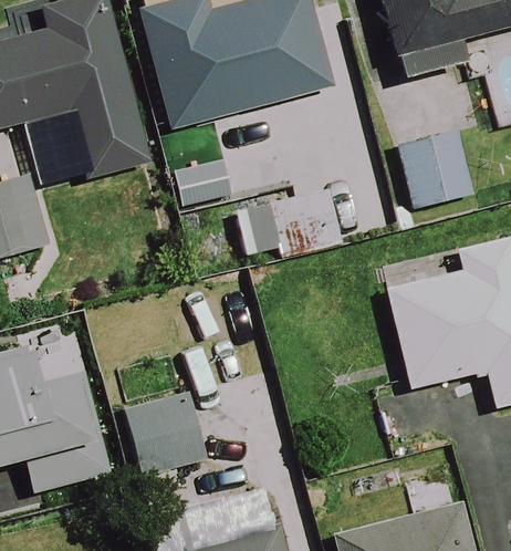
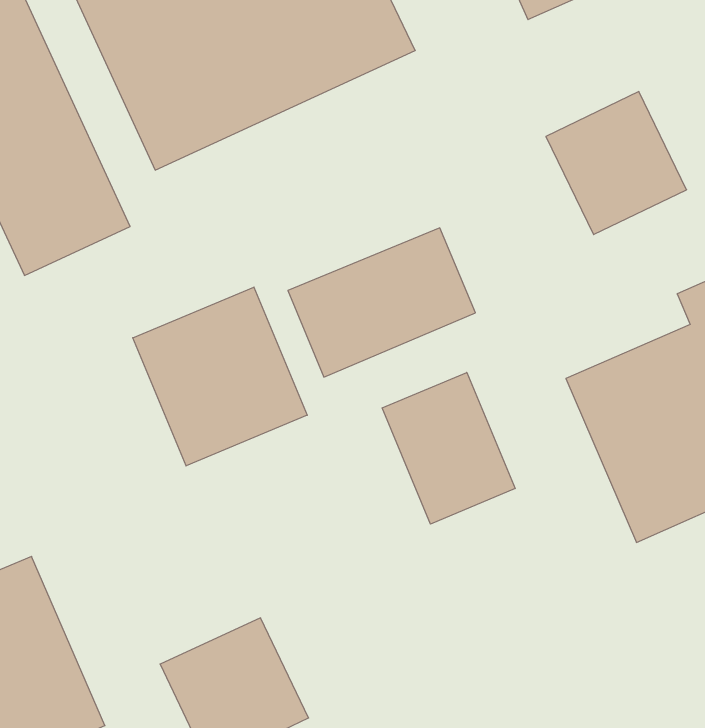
building: none -> [133,287,307,466]
building: none -> [382,372,515,524]

